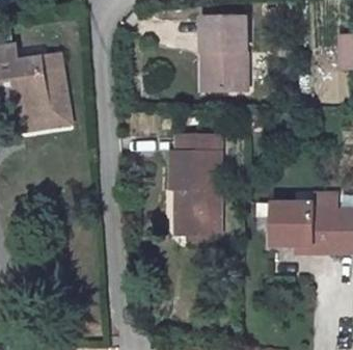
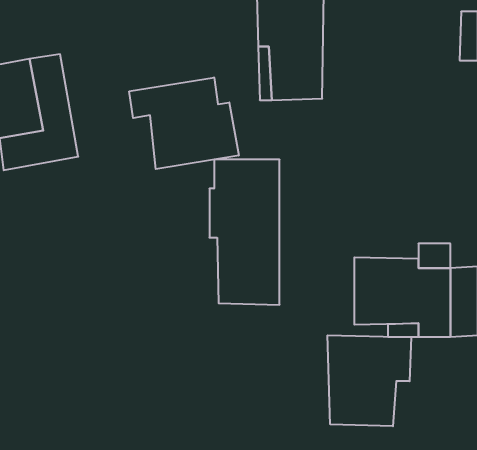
building: none -> [129,77,239,169]
building: none -> [328,335,411,426]

